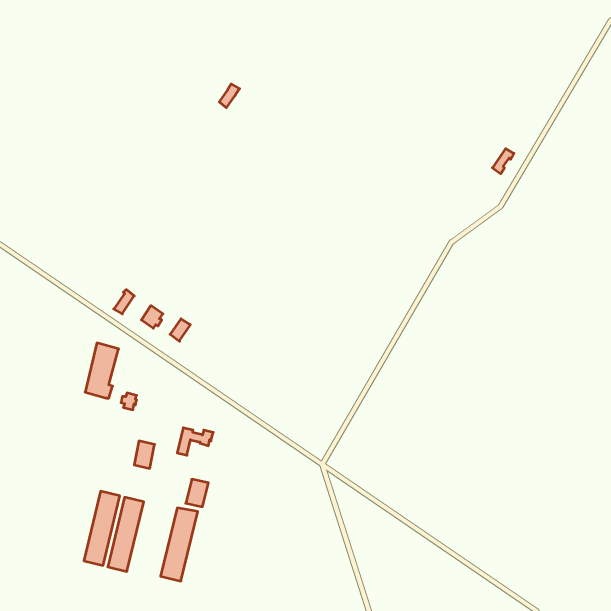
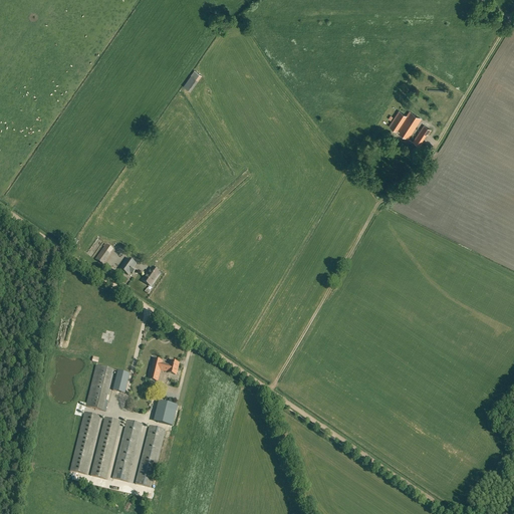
building: none -> [390,109,422,138]
building: [85,343,119,398] -> [86,364,114,411]
building: none -> [113,420,144,482]

